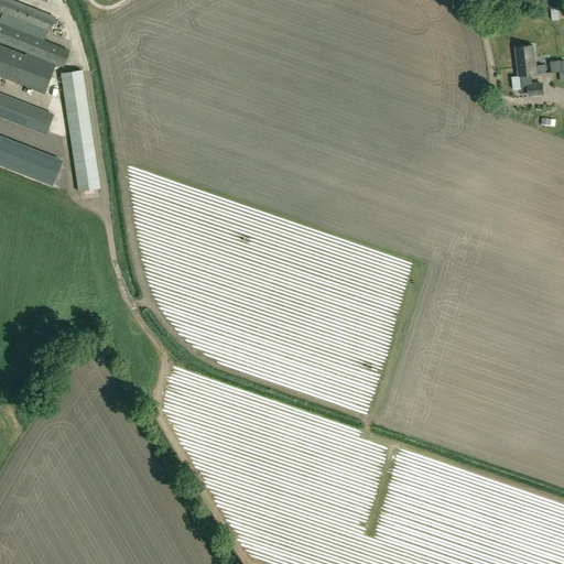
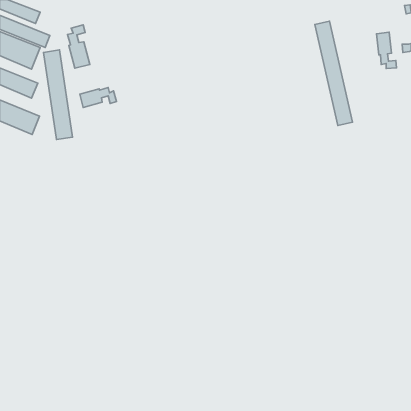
building: none -> [315,21,353,125]
building: none -> [67,25,90,68]
building: none -> [80,88,117,108]

